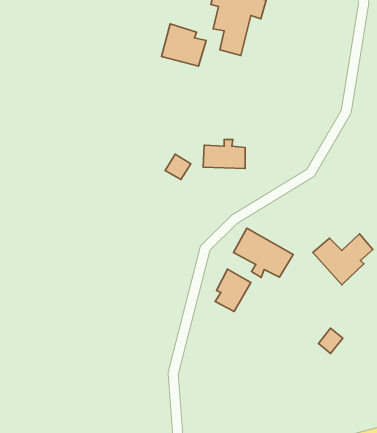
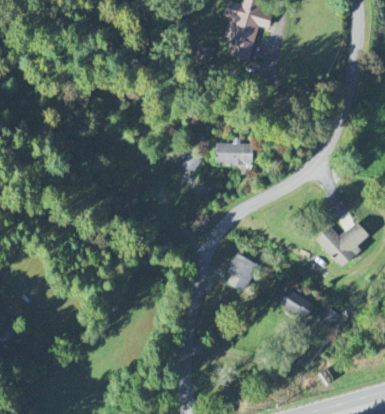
building: [161,24,206,66] -> none
building: [233,228,293,277] -> none
building: none -> [278,288,314,319]

